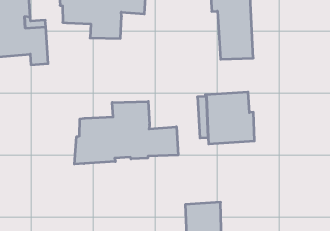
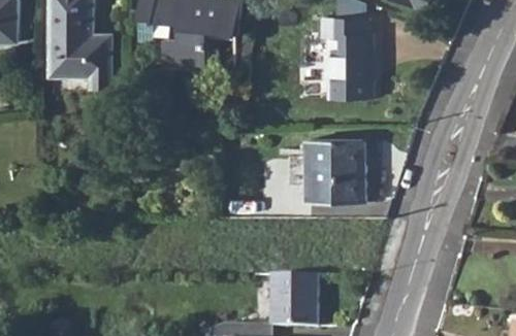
building: [74,101,178,164] -> none

